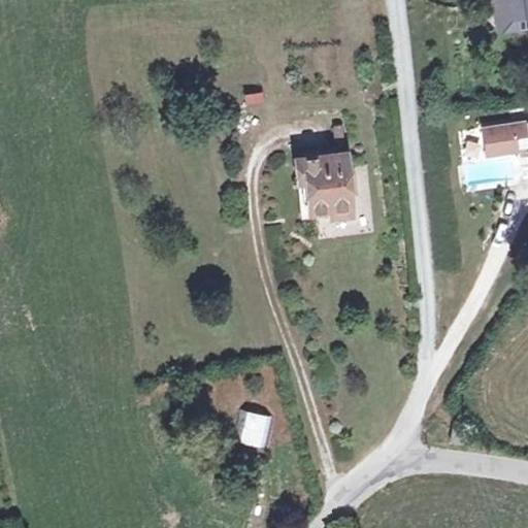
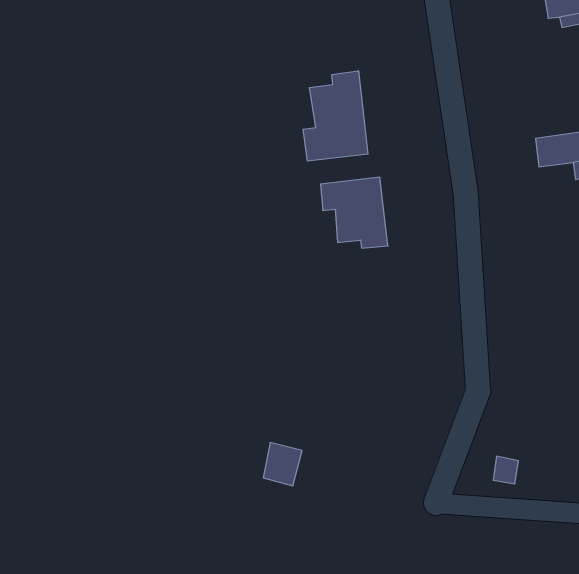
building: none -> [303,71,368,161]

